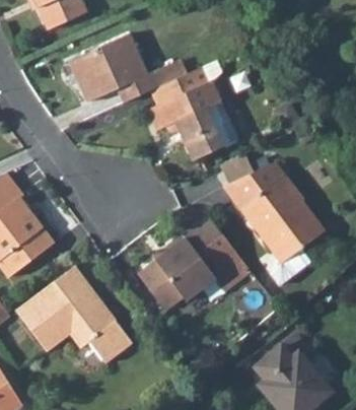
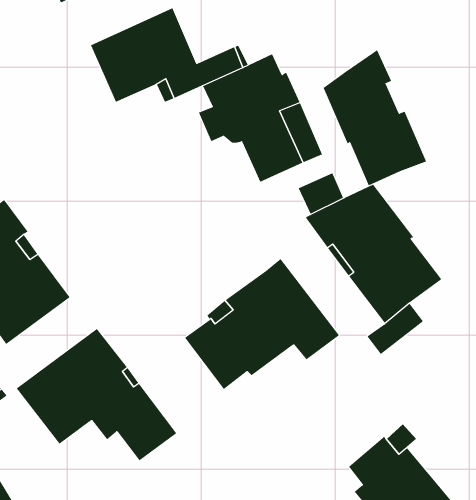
building: none -> [323,49,427,186]

